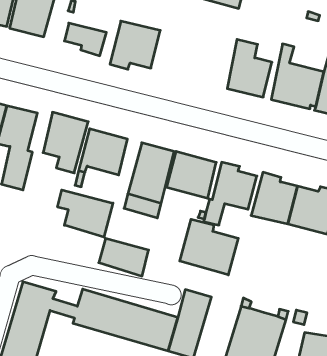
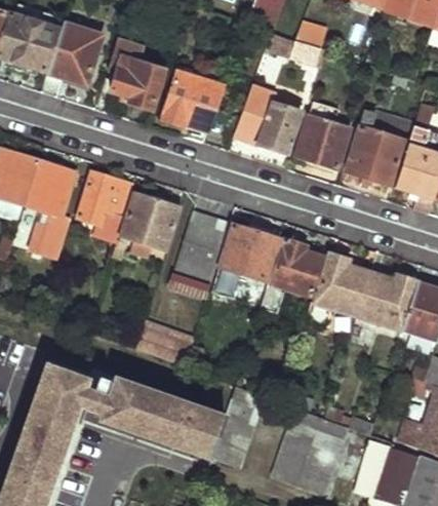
building: none -> [234,93,301,152]
building: [58,190,113,237] -> none
building: [180,219,238,275] -> none

